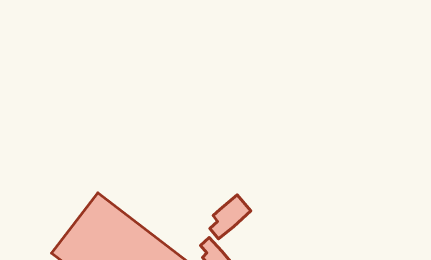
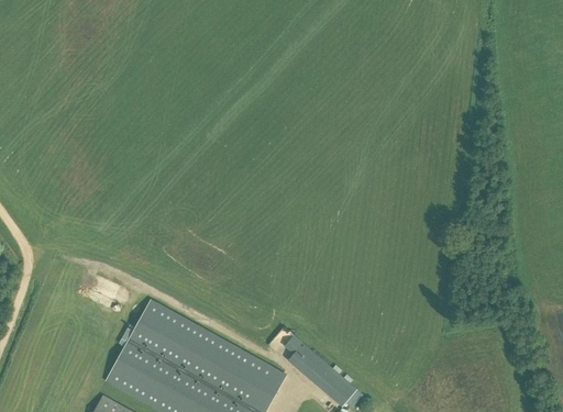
building: [210,195,251,239] -> none

